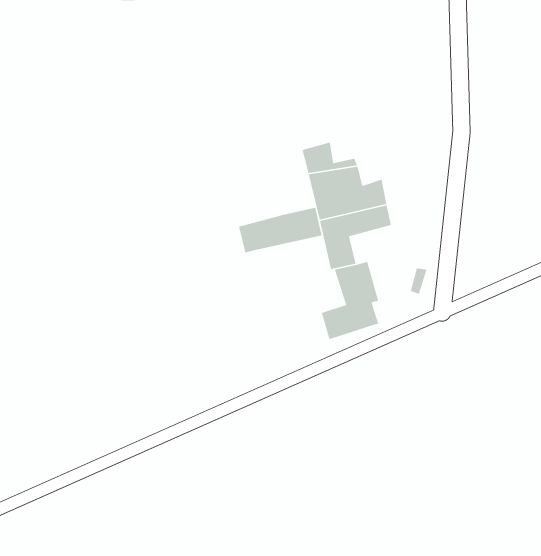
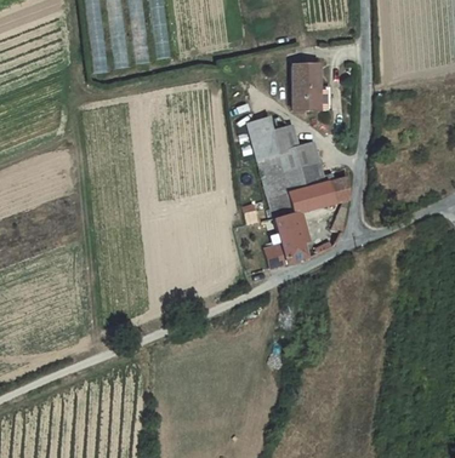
building: none -> [290,65,318,111]
building: [238,207,322,254] -> [288,176,351,211]

